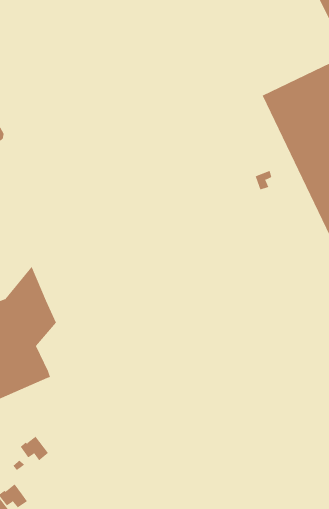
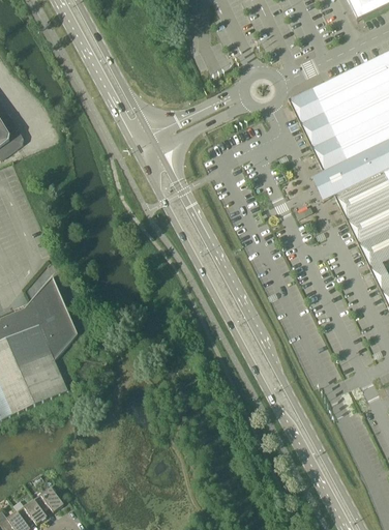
building: [20,436,49,461] -> [34,488,64,513]

